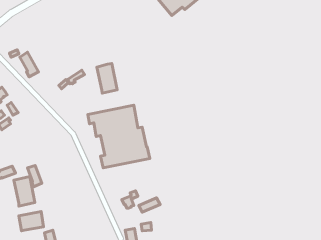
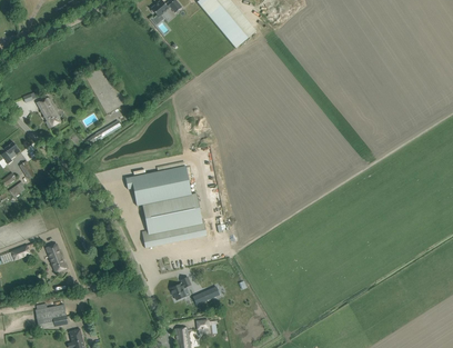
building: [97,63,117,93] -> none
building: [14,177,35,206] -> none

